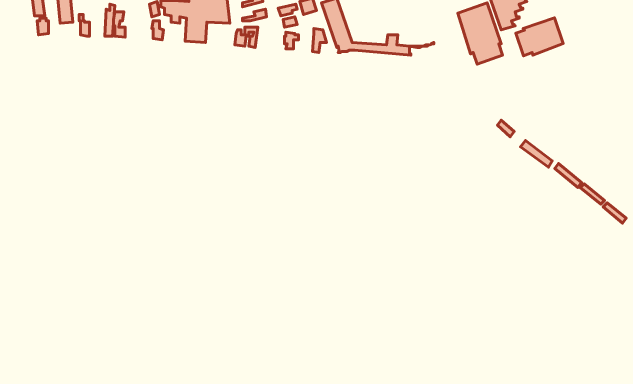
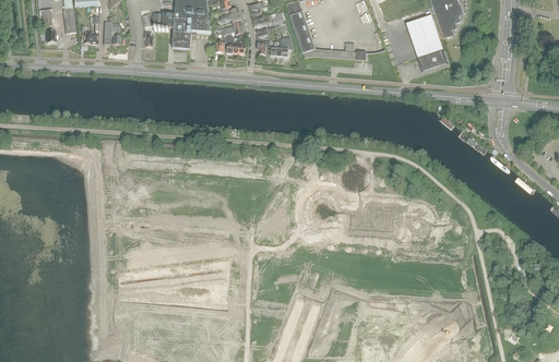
building: [516,18,563,56] -> none

